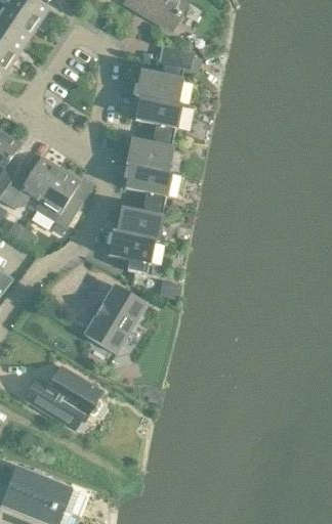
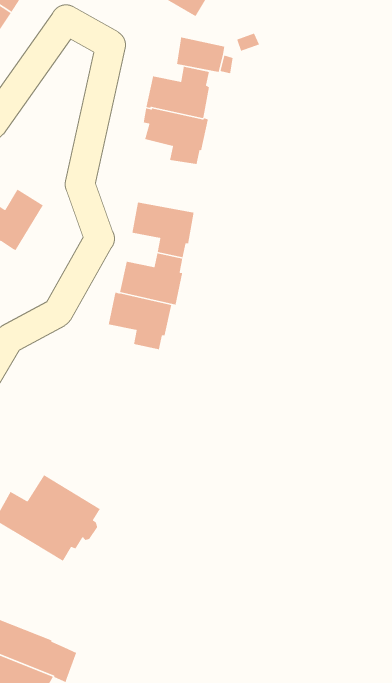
building: [125,135,172,173] -> none
building: [33,168,81,229] -> none
building: [83,285,144,353] -> none

